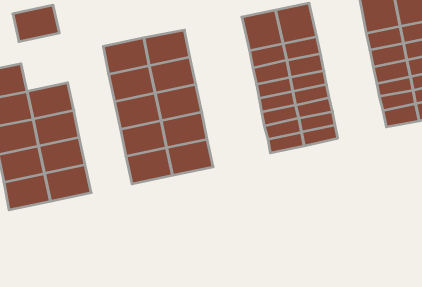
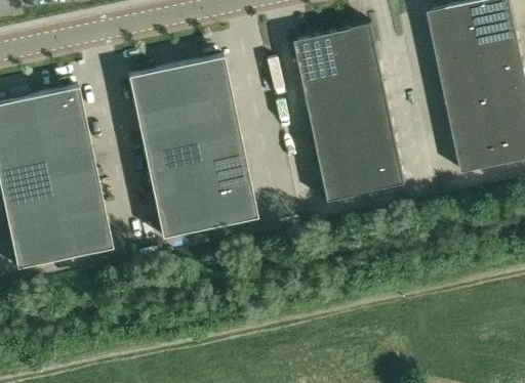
building: [13,5,59,42] -> [30,86,85,129]

